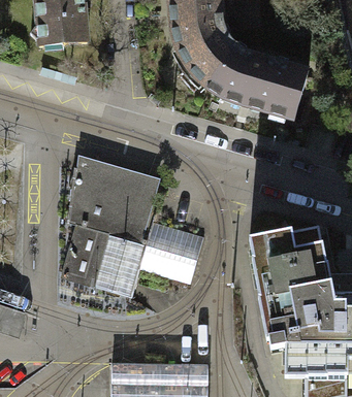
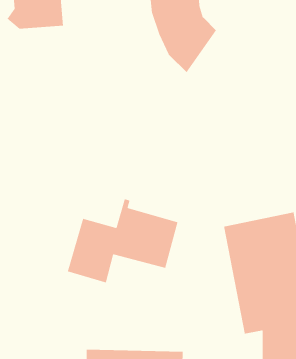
building: [211,45,310,120] -> none
building: [60,168,154,285] -> none

